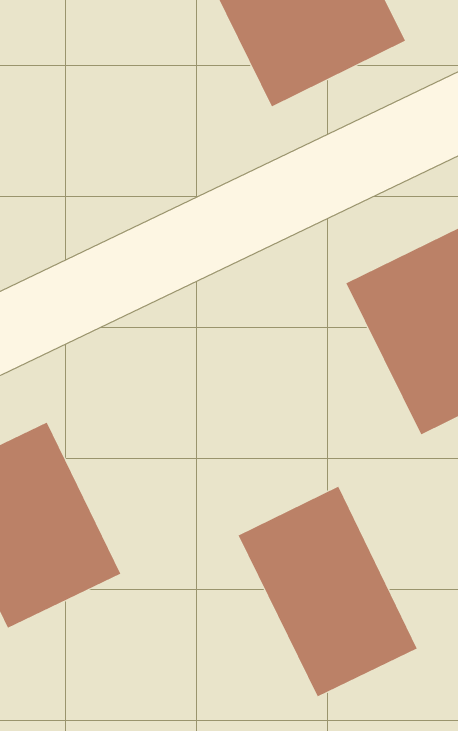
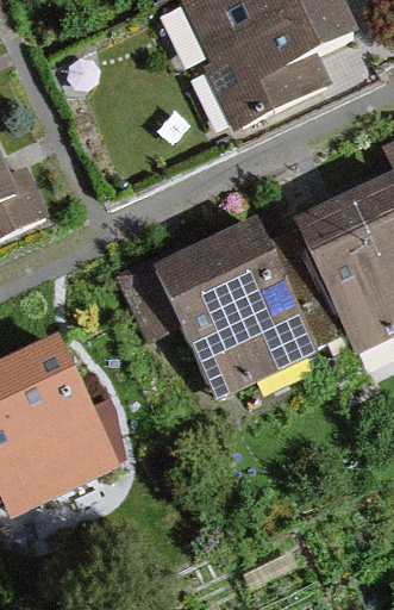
building: none -> [156,228,308,394]
building: [238,486,417,697] -> none

